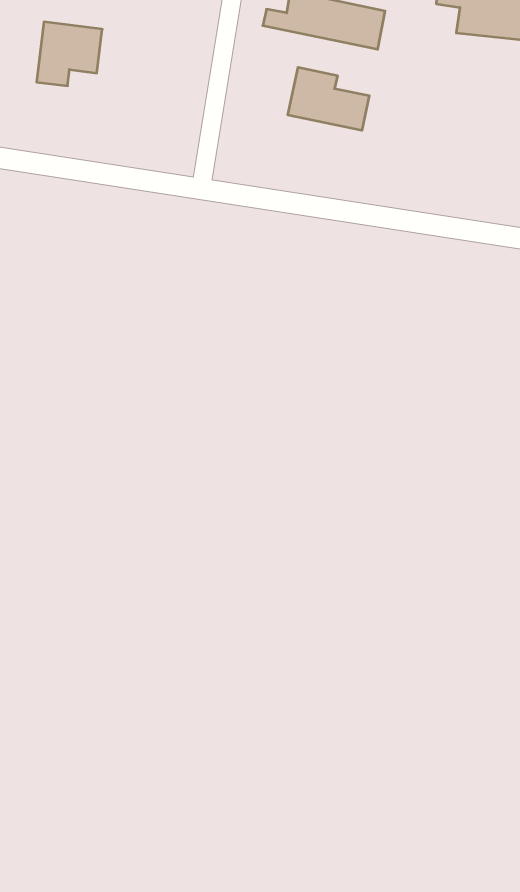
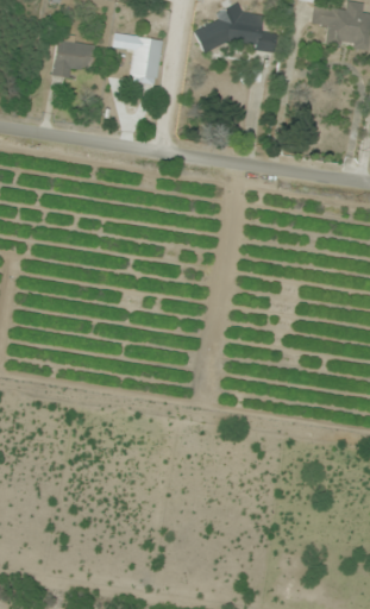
building: none -> [111,32,162,84]
building: [288,67,369,130] -> none

